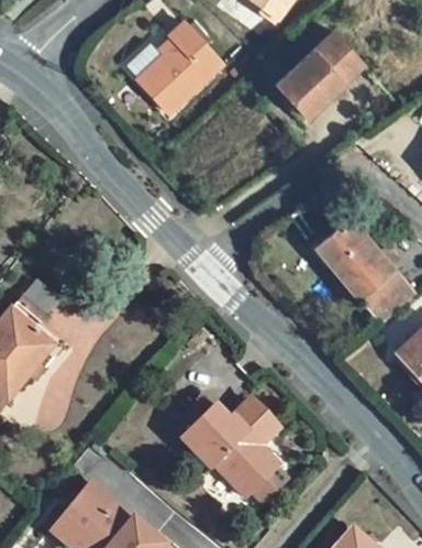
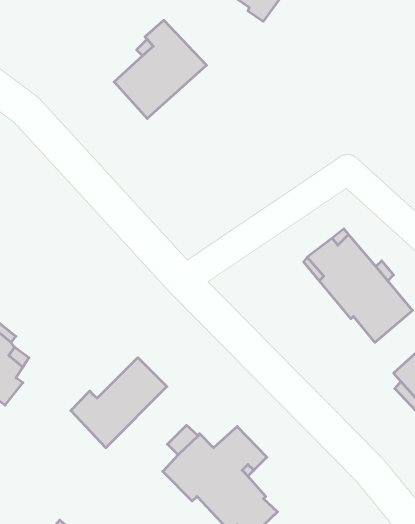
building: [276,31,363,127] -> none
building: none -> [71,358,167,448]

